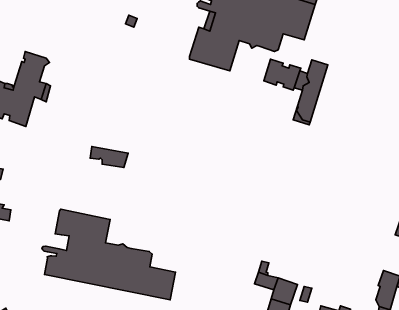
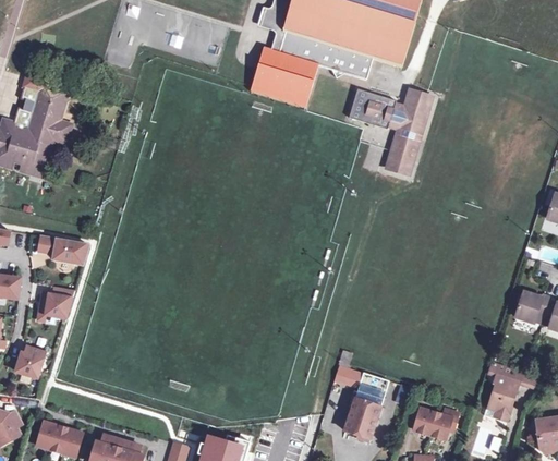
building: [90,146,128,167] -> [38,236,87,264]
building: [42,209,176,300] -> none
building: none -> [37,288,73,319]
building: none -> [15,347,45,379]

